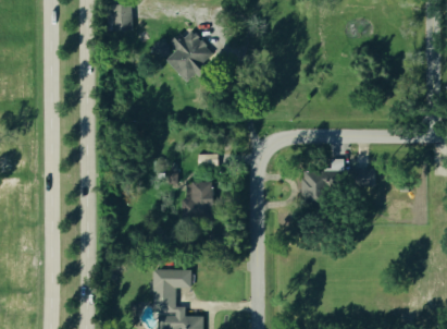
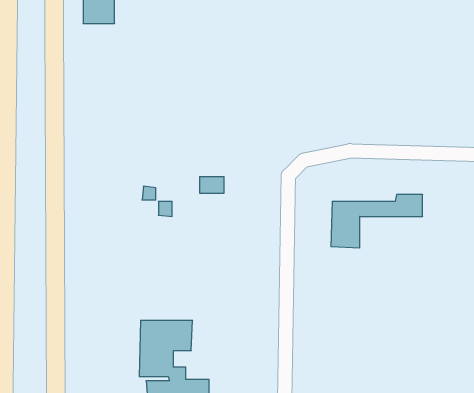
building: [166,32,213,80] -> none
building: [182,181,213,218] -> none

